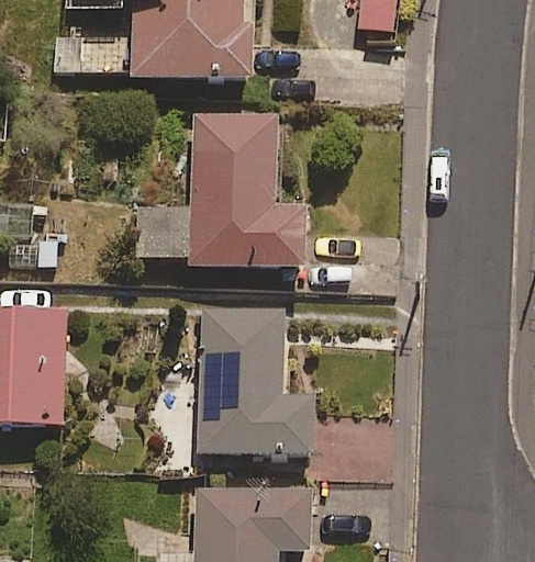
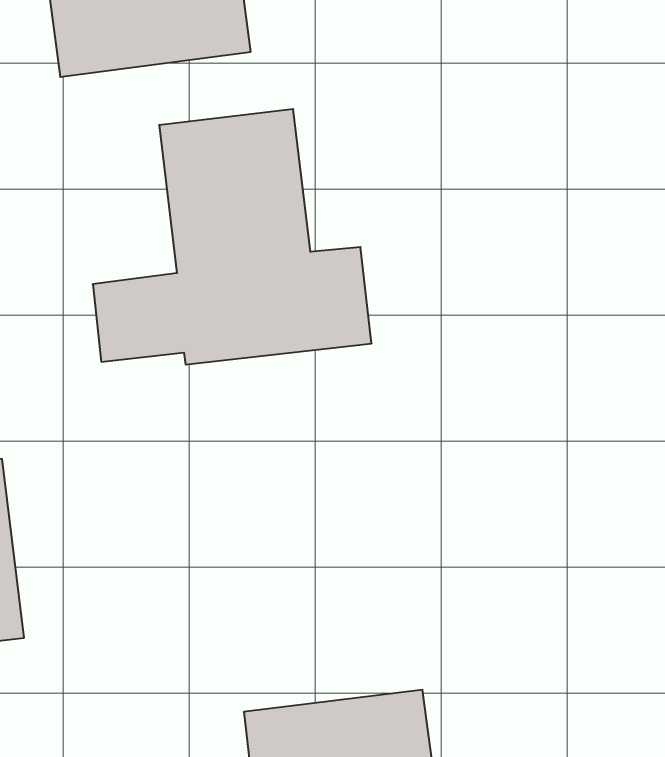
building: [200,311,313,456] -> none

